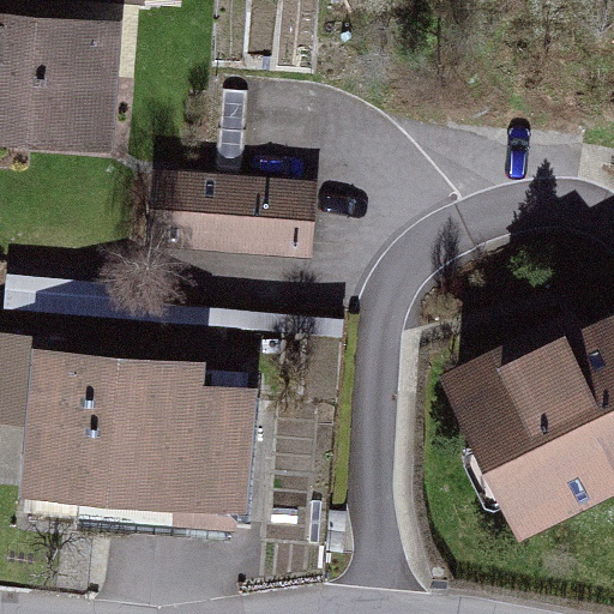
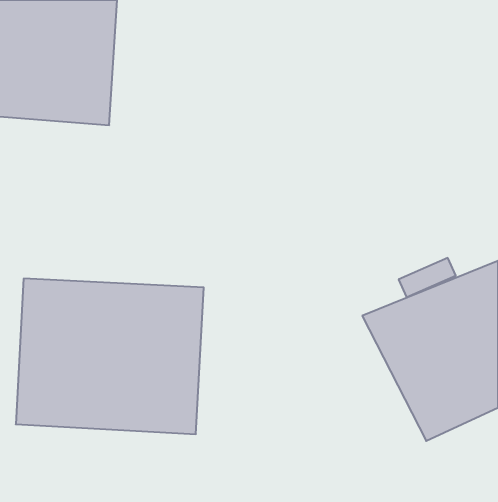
building: [138,170,315,261] -> none

